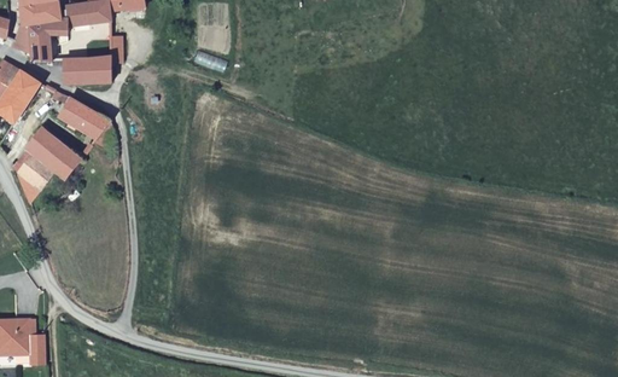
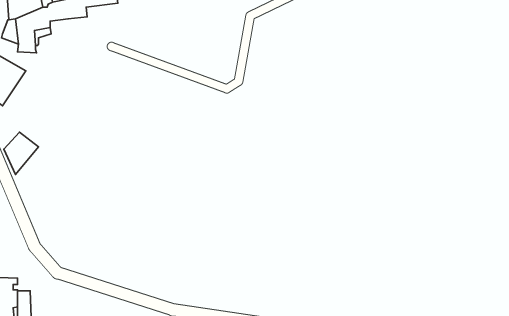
building: [63,35,122,82] -> none
building: [52,91,110,135] -> none
building: [25,127,80,178] -> none

